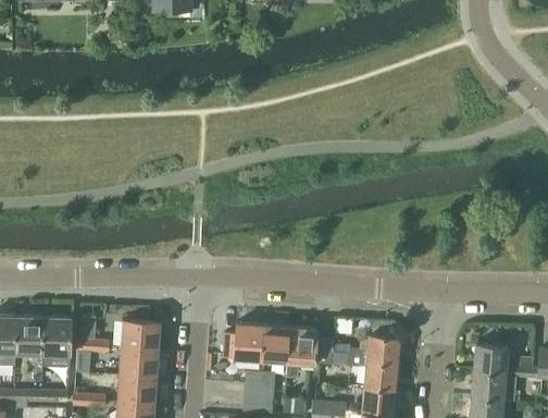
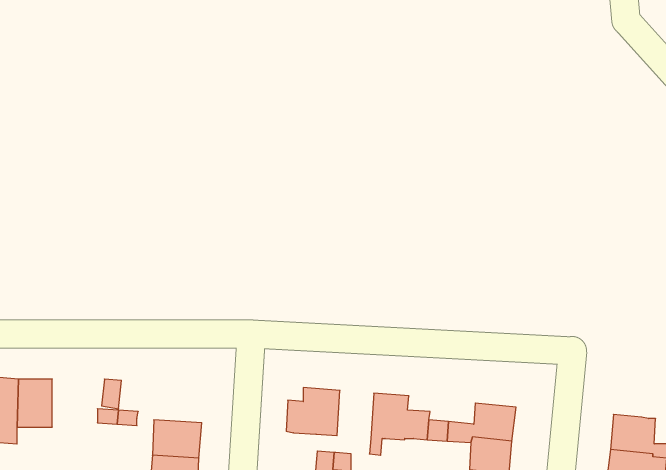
building: [41,316,71,366] -> none
building: [121,319,160,349] -> none
building: [262,324,290,361] -> none

